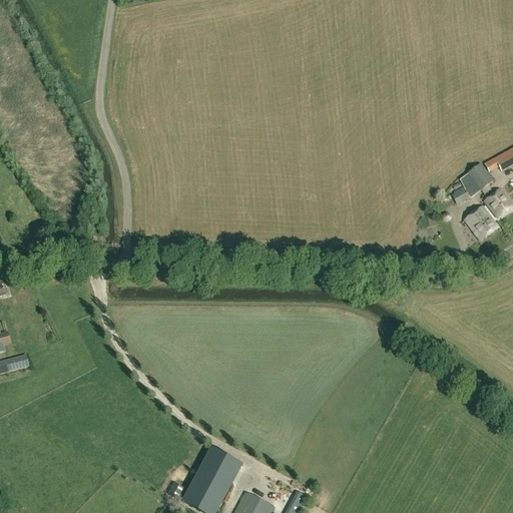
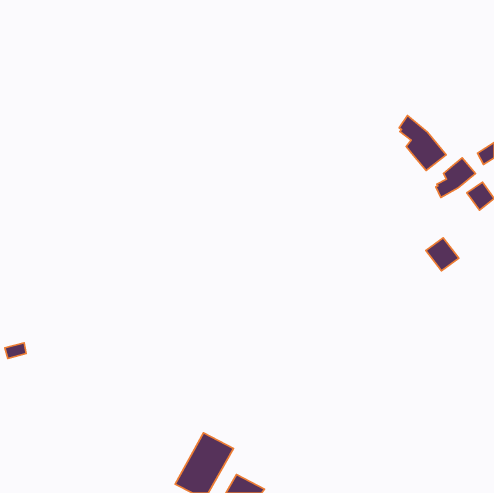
building: none -> [399,116,446,171]
building: [464,206,498,240] -> [426,238,459,271]

